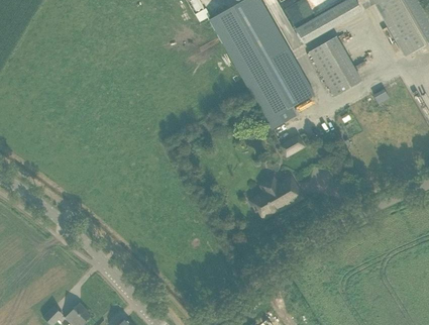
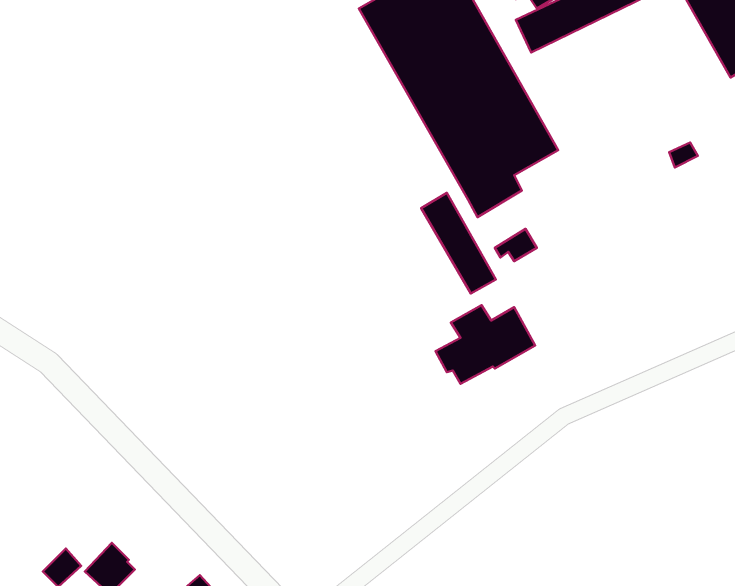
building: [311,36,361,94] -> none
building: none -> [421,193,496,293]

